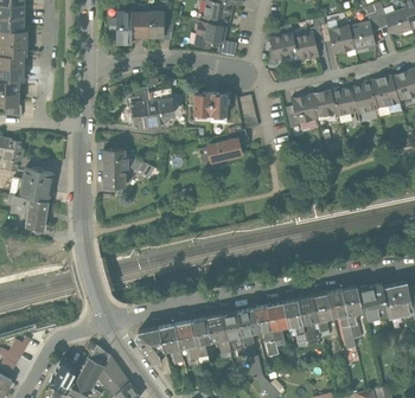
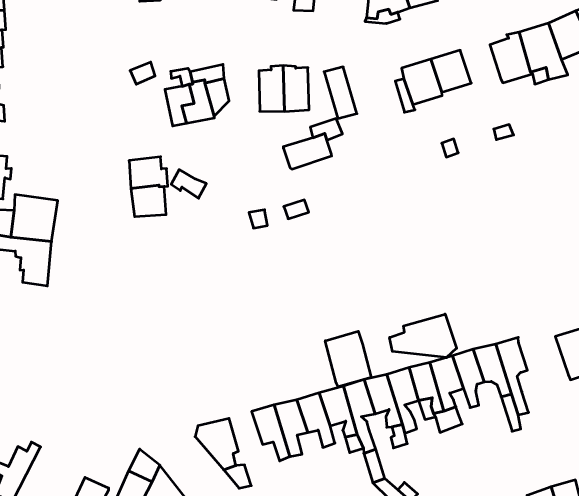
building: [331,88,357,116] -> none
building: none -> [390,314,457,358]
building: none -> [325,331,371,387]
building: [357,283,389,319] -> none
building: [159,323,184,361] -> none

